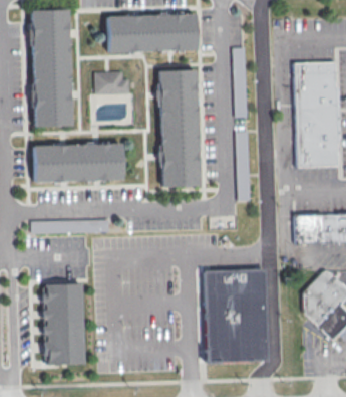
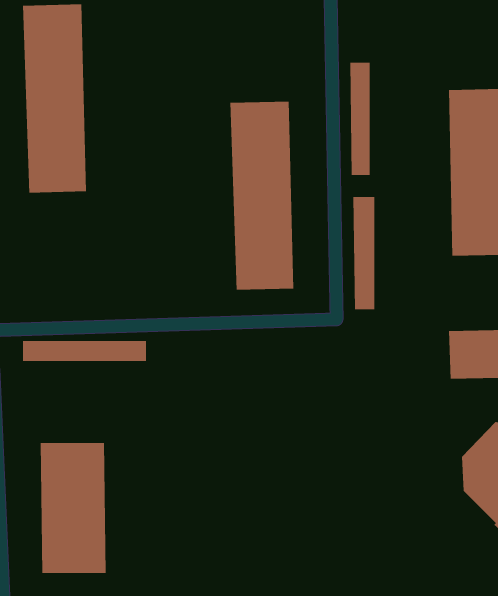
building: [107,13,198,53] -> none
building: [95,71,130,94] -> none
building: [34,144,123,184] -> none
building: [204,269,269,365] -> none

